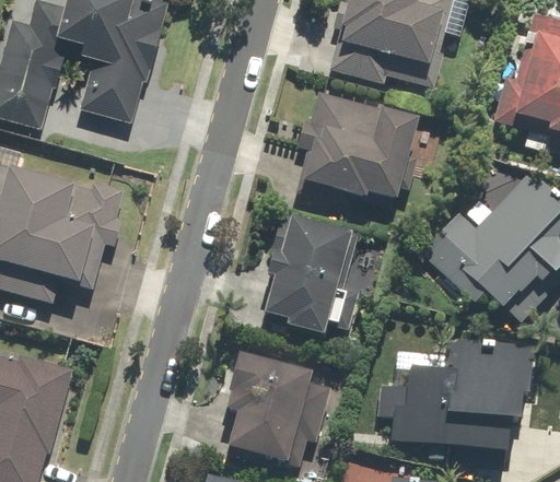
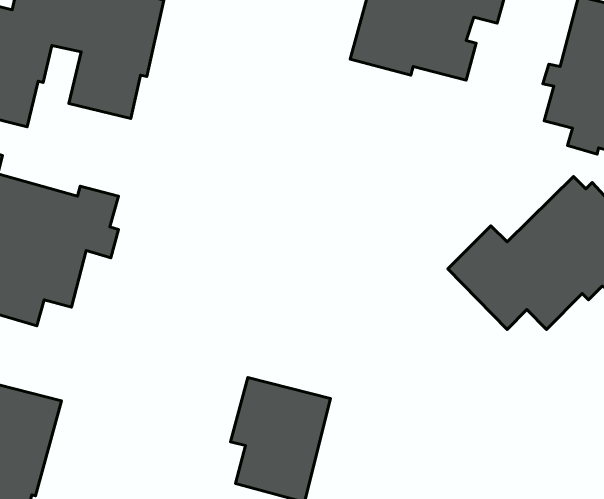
building: [298,92,418,205] -> none
building: [265,214,353,336] -> none
building: [378,340,527,451] -> none

